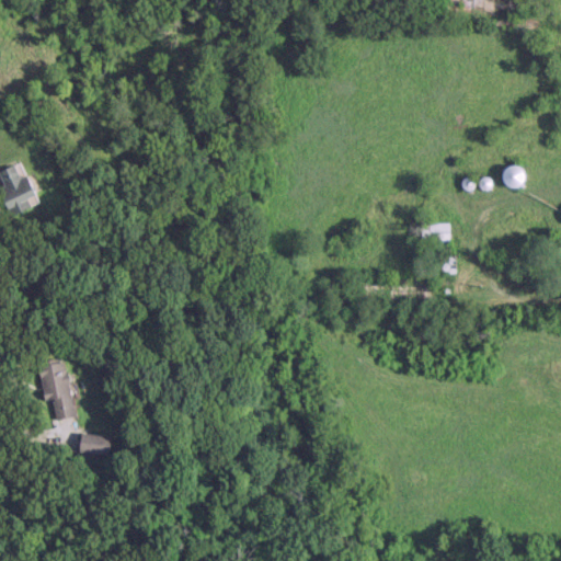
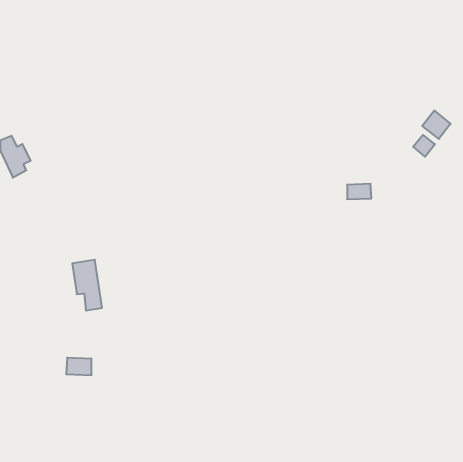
building: none -> [422,111,451,139]
building: [38,359,75,421] -> [72,260,102,311]

